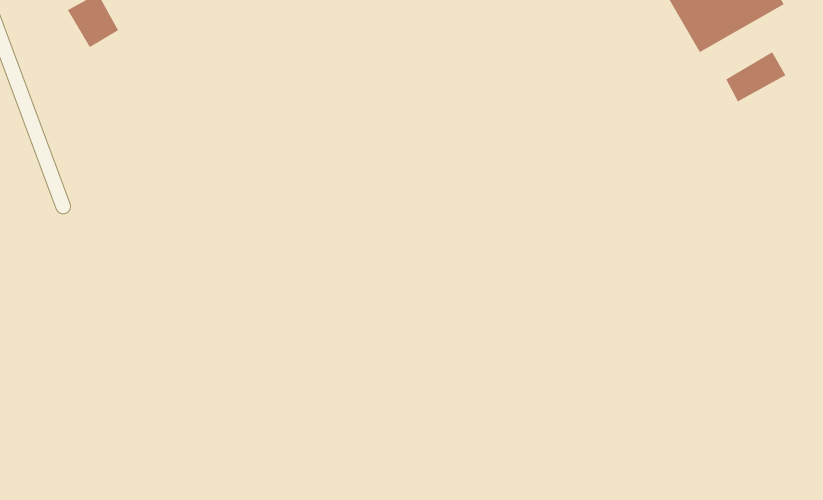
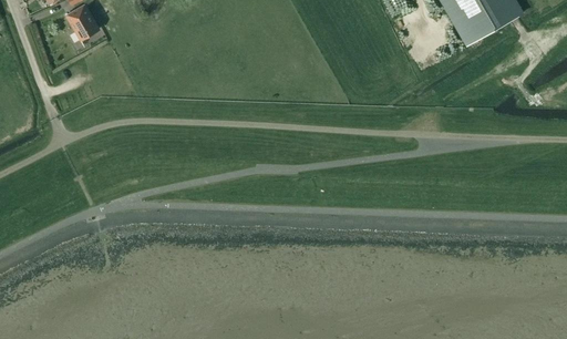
building: [725,51,786,103] -> none

